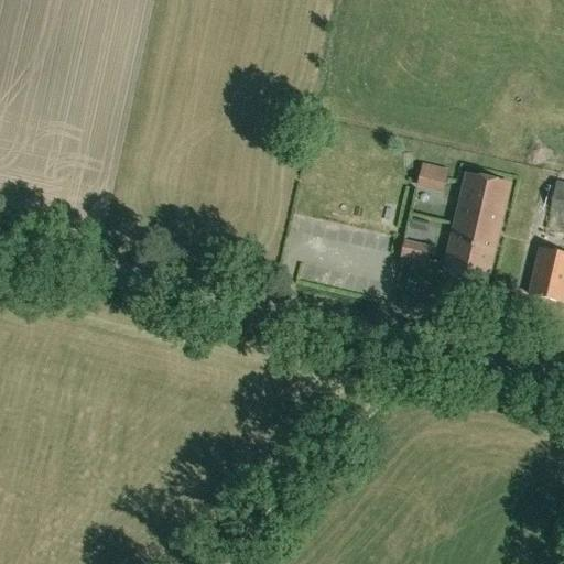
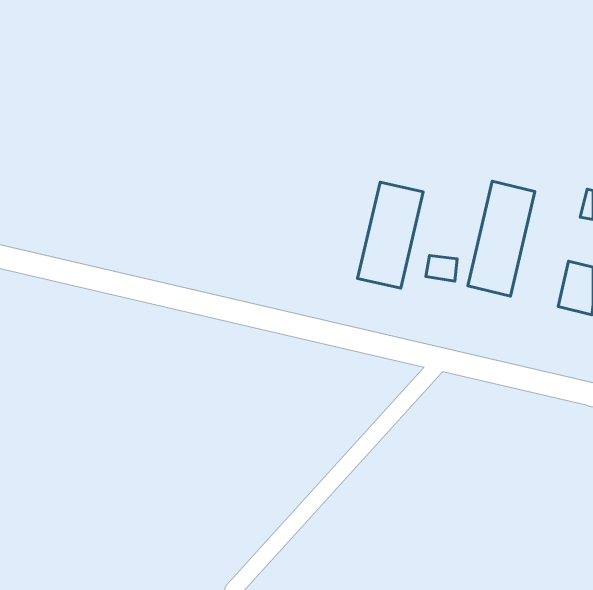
building: [422,162,452,187] -> none
building: none -> [358,182,423,288]

